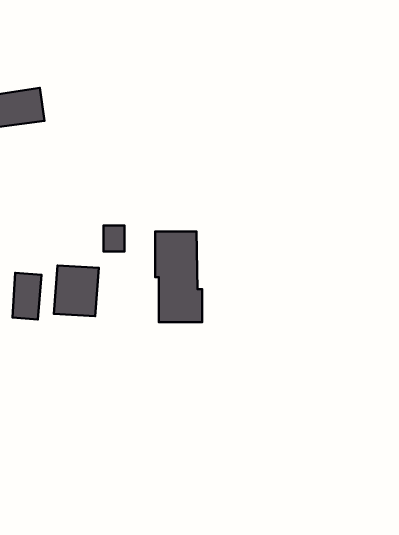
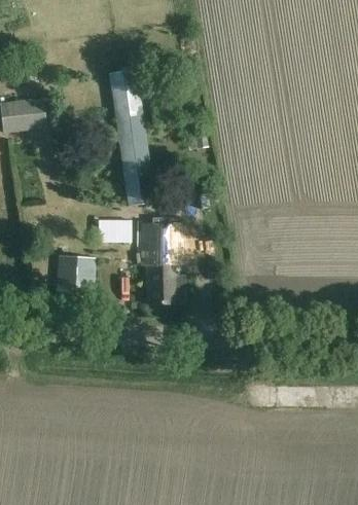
building: none -> [107,67,154,205]
building: [12,273,41,320] -> none

